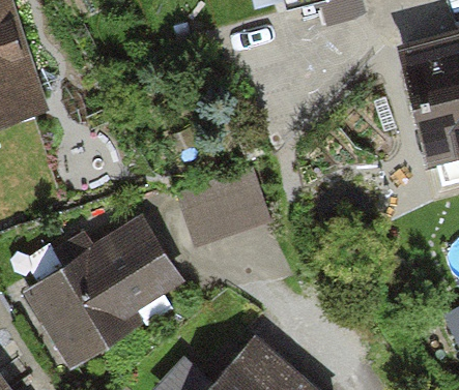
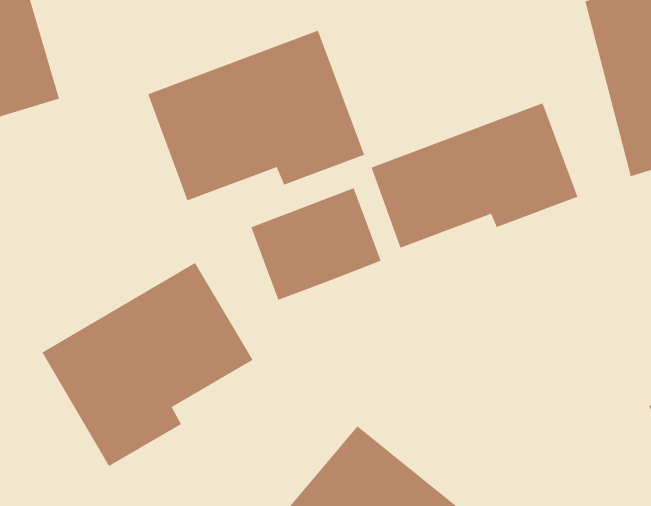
building: none -> [148,30,365,201]
building: none -> [371,102,578,248]

